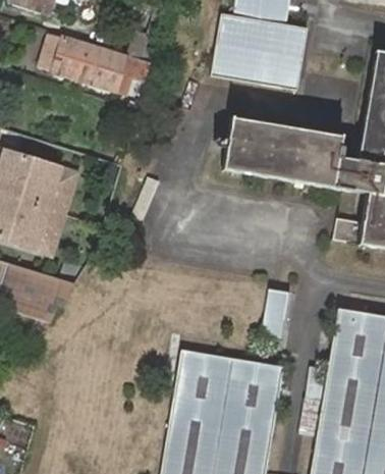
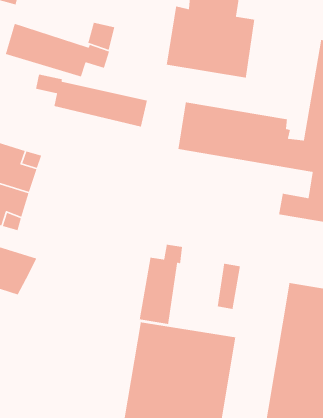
building: none -> [35,73,148,128]
building: none -> [139,244,183,325]

